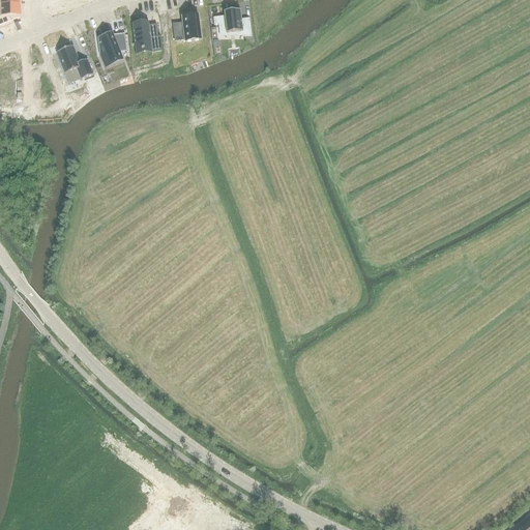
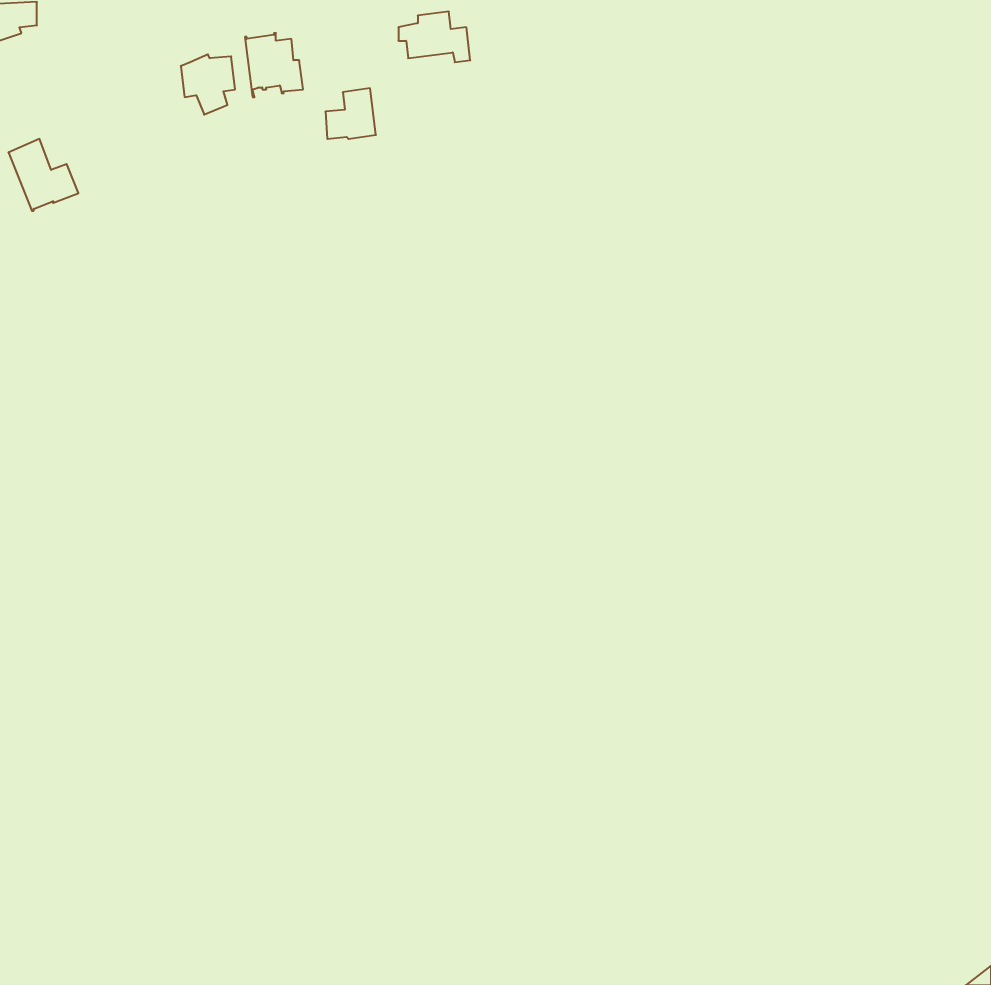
building: [172,11,199,38] -> [325,88,376,139]
building: [55,42,92,81] -> [8,139,78,211]

